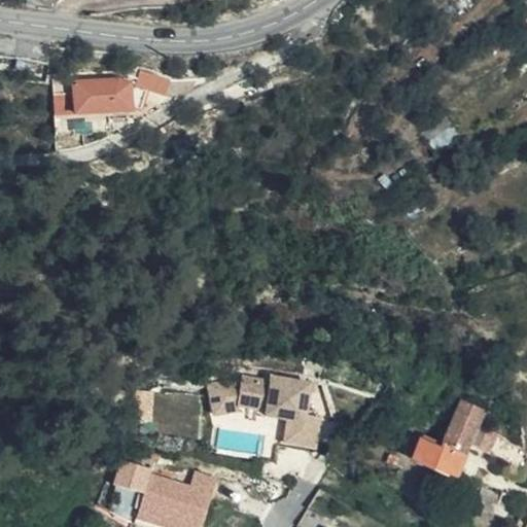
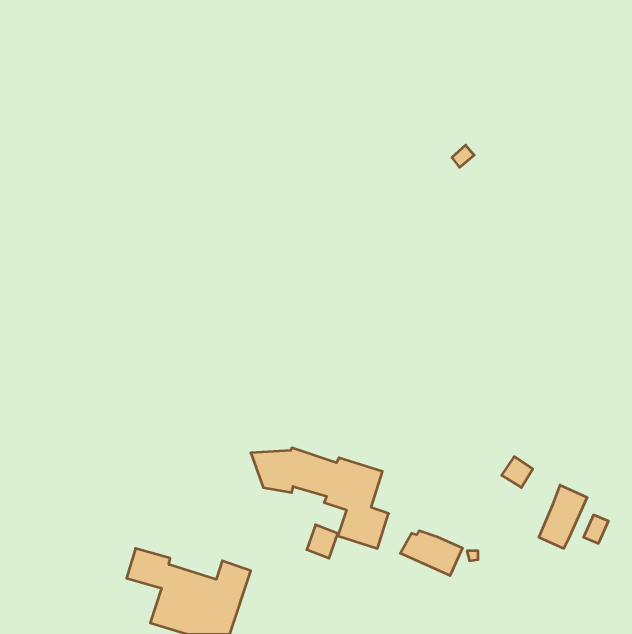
building: [51,76,170,121] -> none
building: [418,441,469,478] -> [400,531,463,576]

